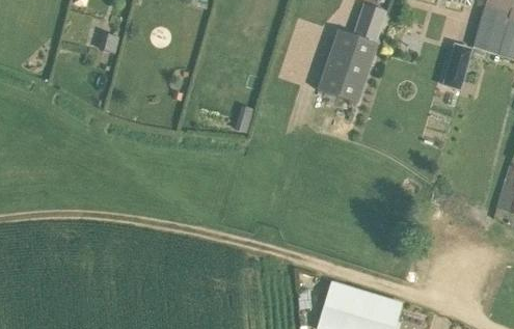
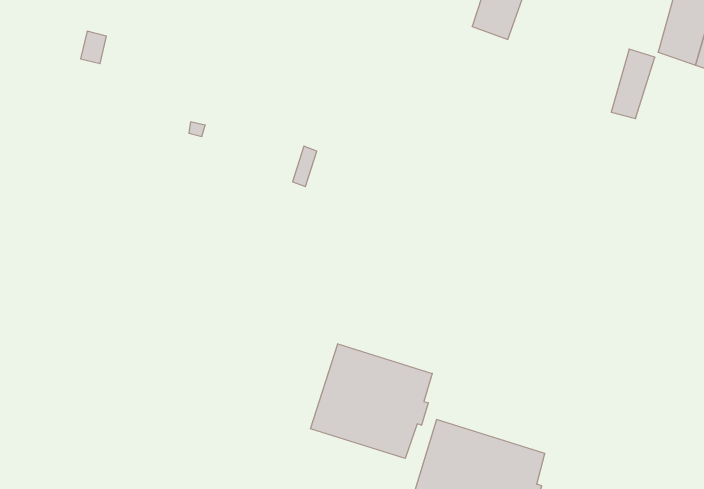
building: [317,29,378,103] -> none
building: none -> [311,344,432,458]

